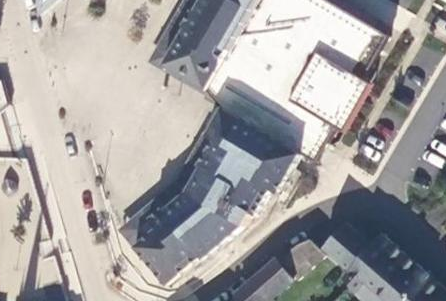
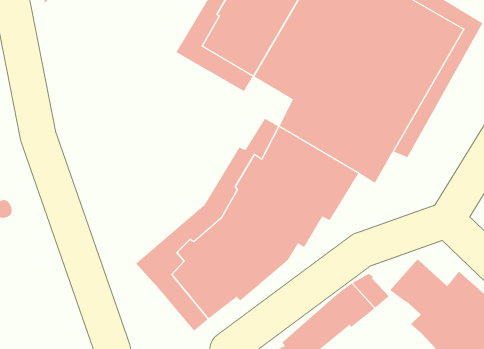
building: [206,74,245,115] -> none

